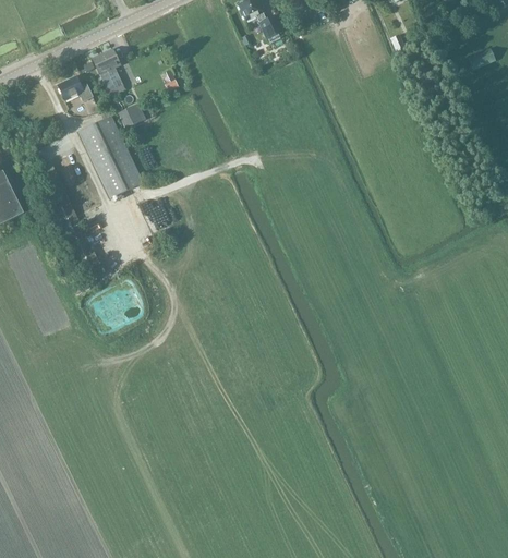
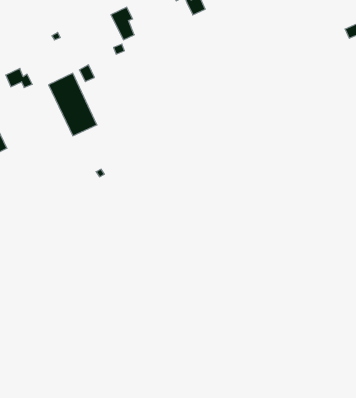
building: [92,49,122,92] -> [111,7,134,40]
building: [58,76,93,101] -> [6,68,32,88]

